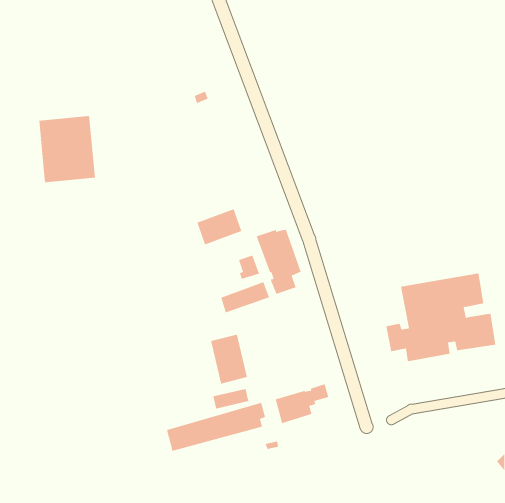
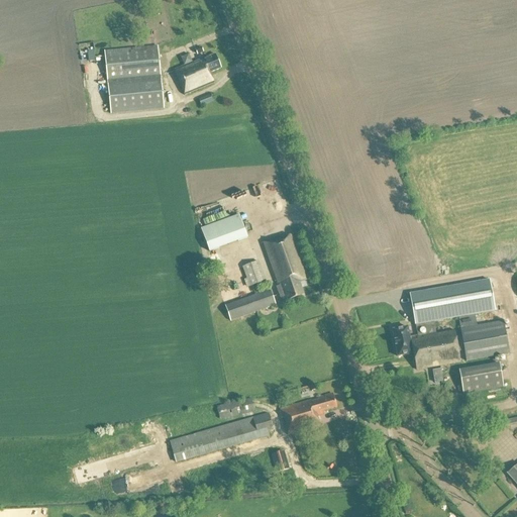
building: none -> [174,53,221,95]
building: [38,116,96,183] -> [105,43,164,112]
building: [210,334,247,384] -> none
building: none -> [458,363,502,394]

